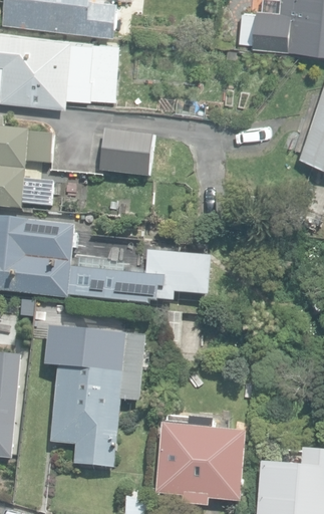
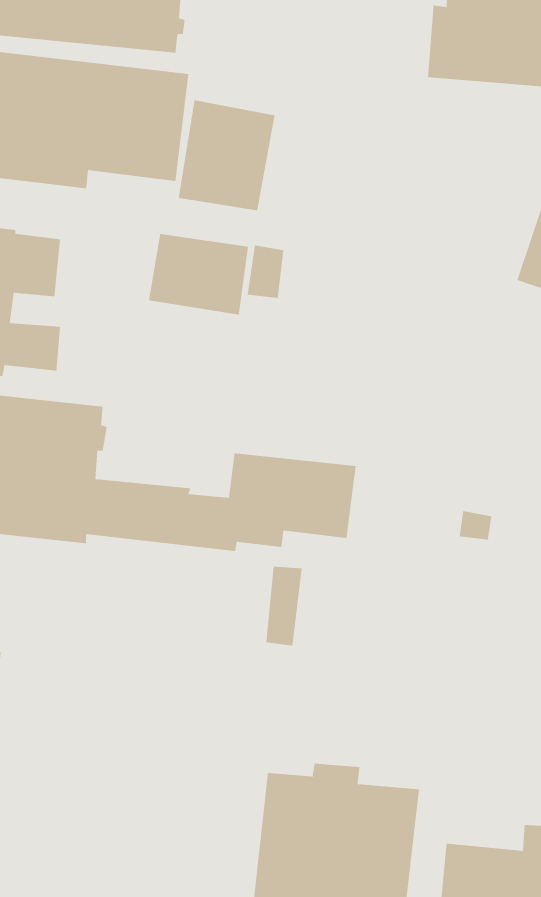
building: none -> [178,99,275,211]
building: [44,327,143,467] -> none

